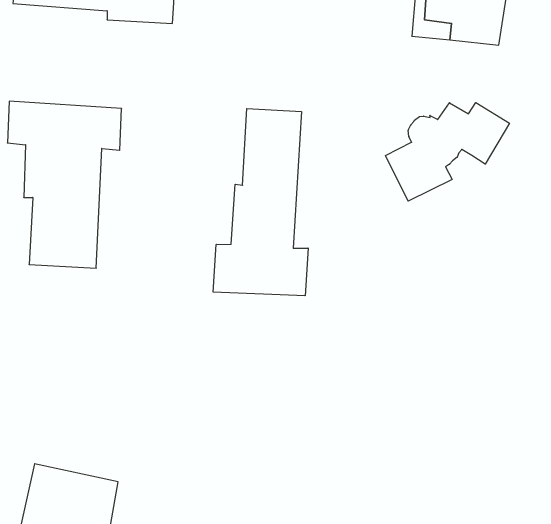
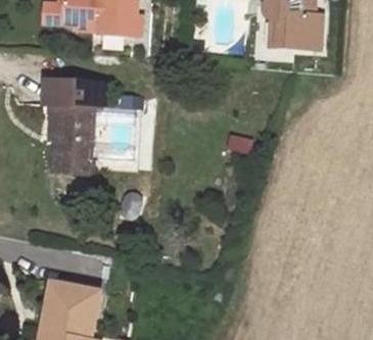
building: [386,103,509,201] -> none
building: [213,109,308,296] -> none

